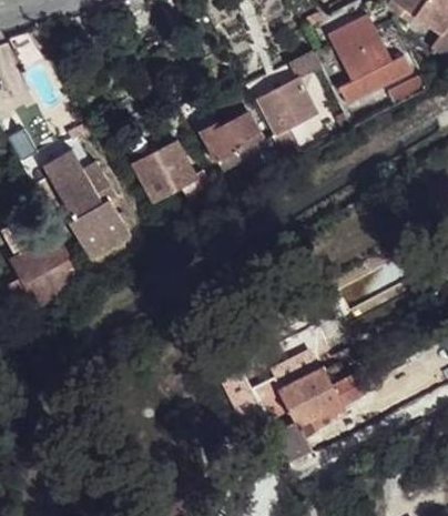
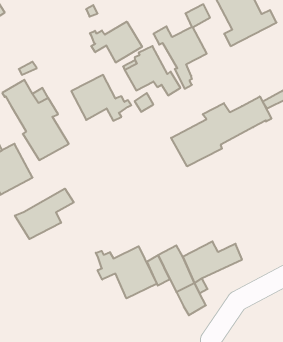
building: none -> [90,22,142,63]
building: none -> [171,96,271,166]
building: none -> [15,189,74,239]
building: none -> [96,246,157,298]

